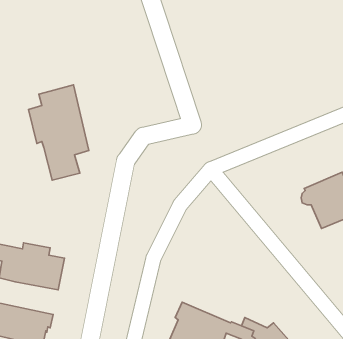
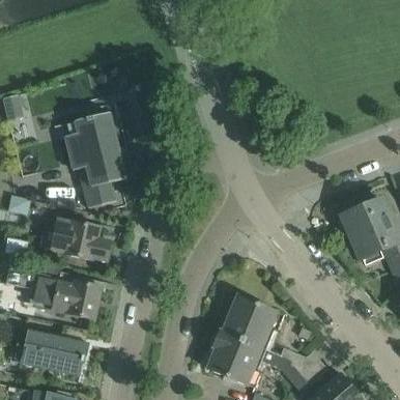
building: none -> [40,218,111,260]
building: none -> [220,296,284,352]

